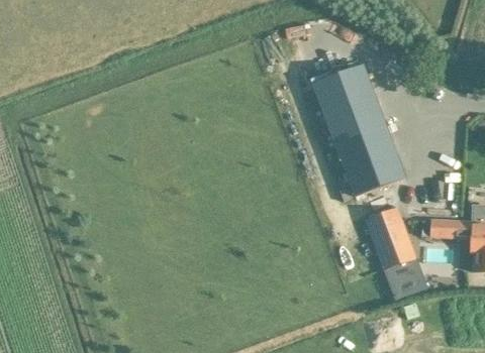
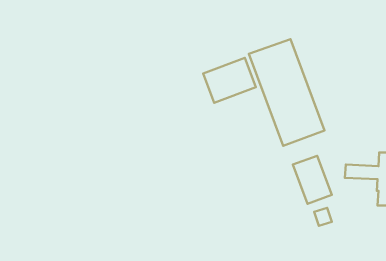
building: none -> [203,58,256,103]

